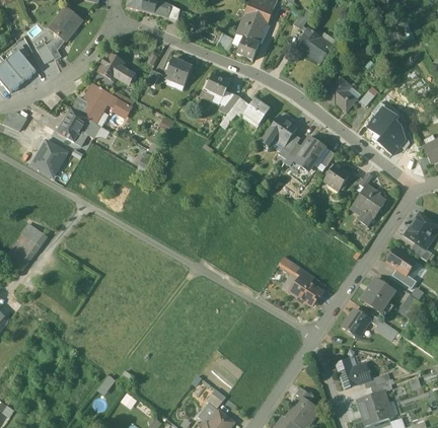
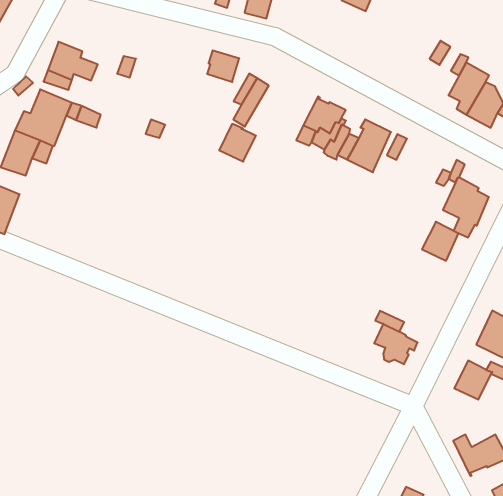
building: [165,58,192,83] -> none
building: [324,77,356,111] -> none
building: [243,98,270,125] -> [219,124,256,162]
building: [323,164,350,192] -> [422,222,458,261]

